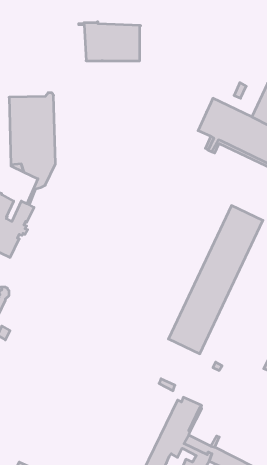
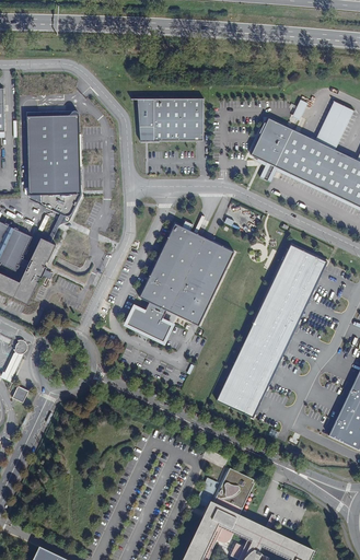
building: [79,22,141,61] -> [129,94,202,140]
building: none -> [121,223,232,346]

